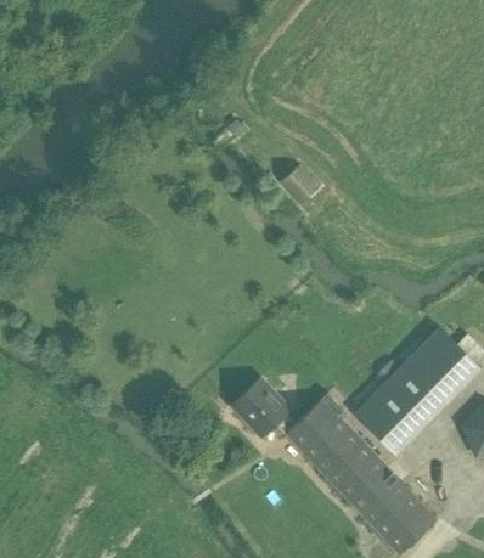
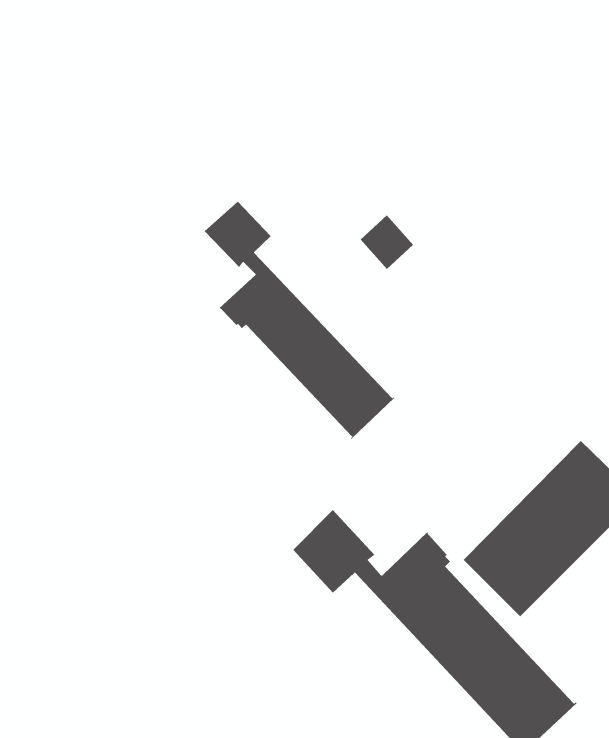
building: none -> [204,201,395,440]

